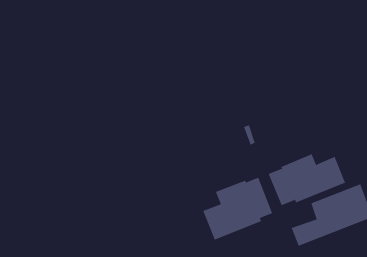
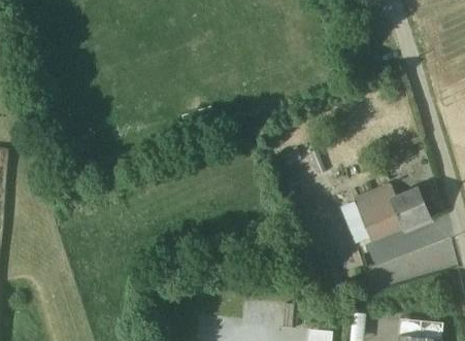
building: [202,177,273,241] -> none

